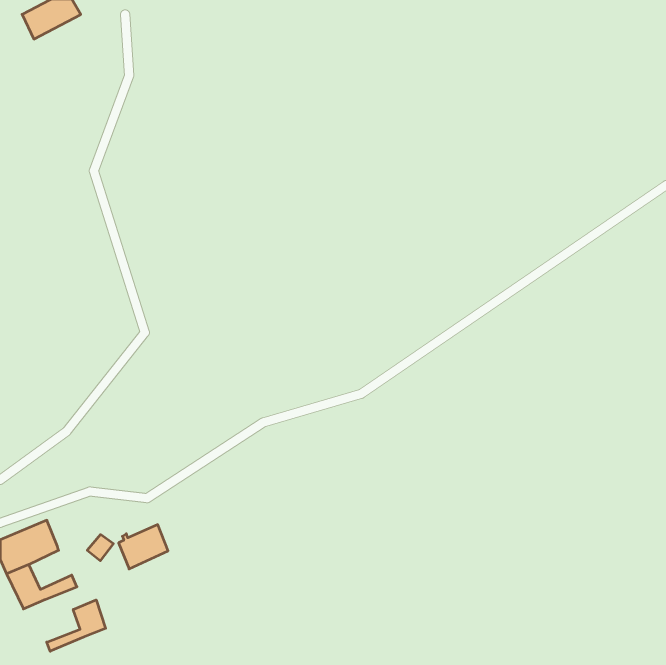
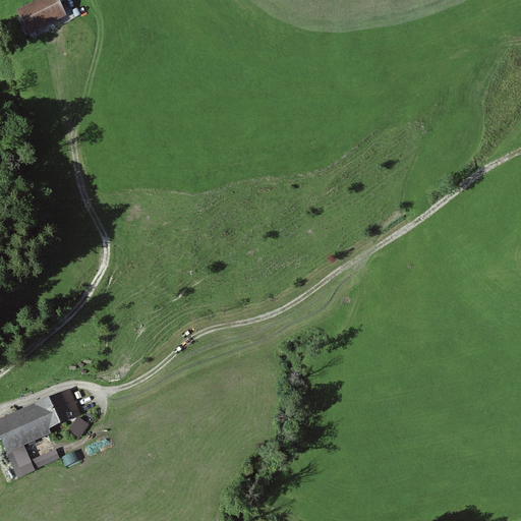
building: [119,525,168,569] -> [37,392,75,426]
building: [47,600,106,651] -> none

